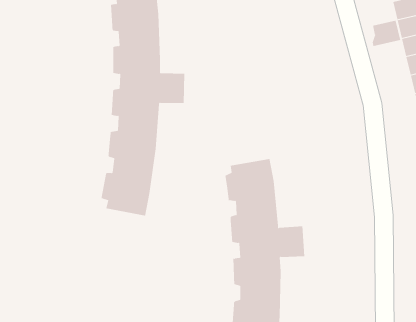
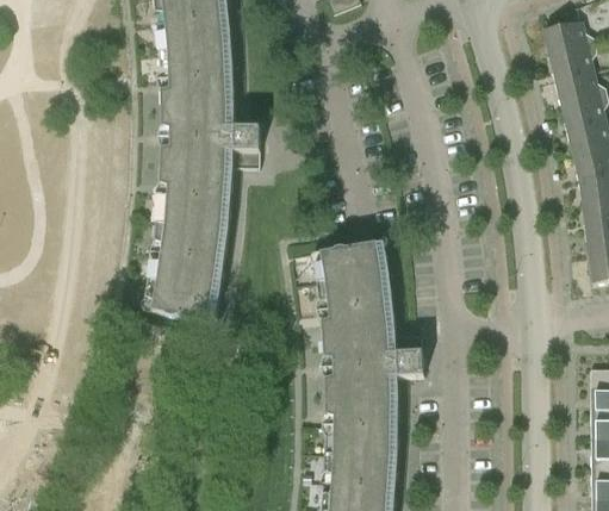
building: [372,20,401,47] -> none

